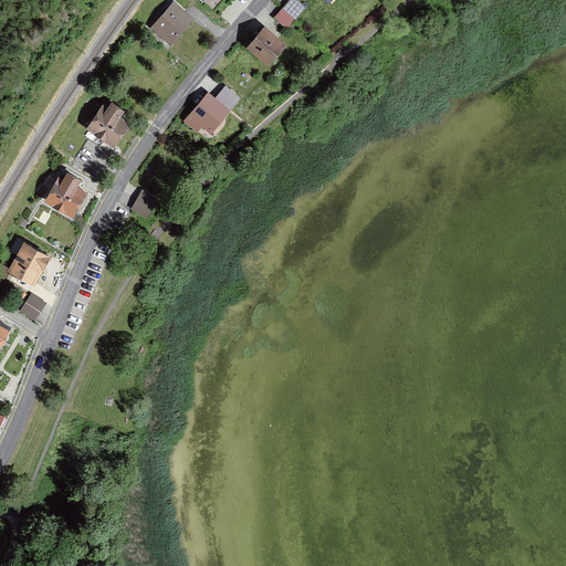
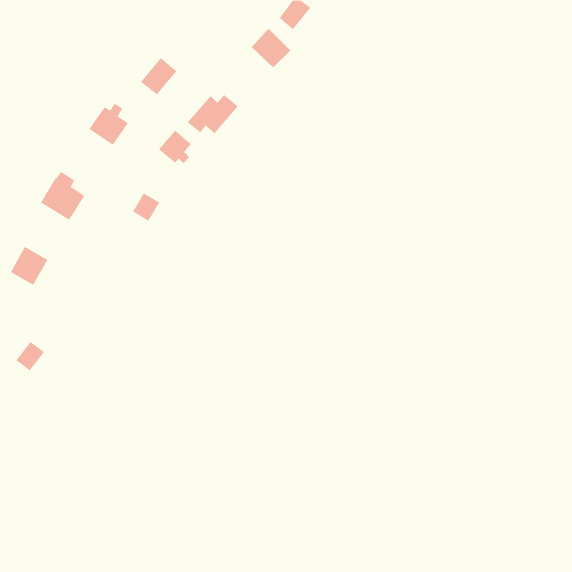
building: [155,6,191,43] -> [140,57,177,95]
building: none -> [158,130,192,164]
building: [17,294,45,324] -> [16,341,45,371]

